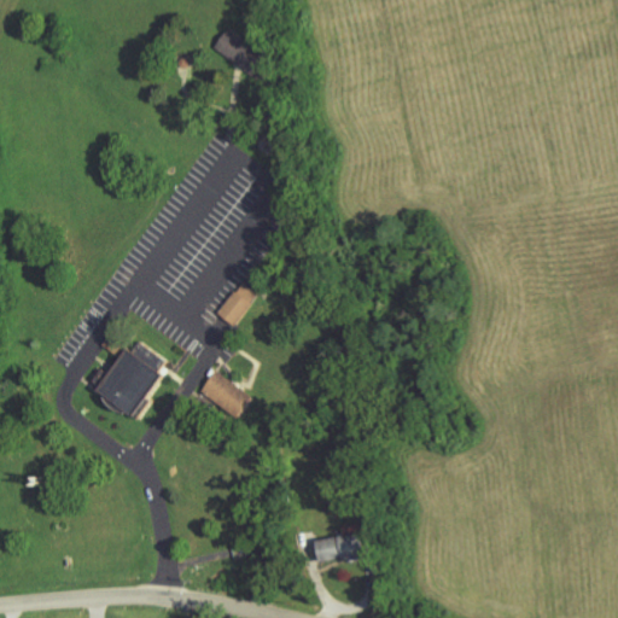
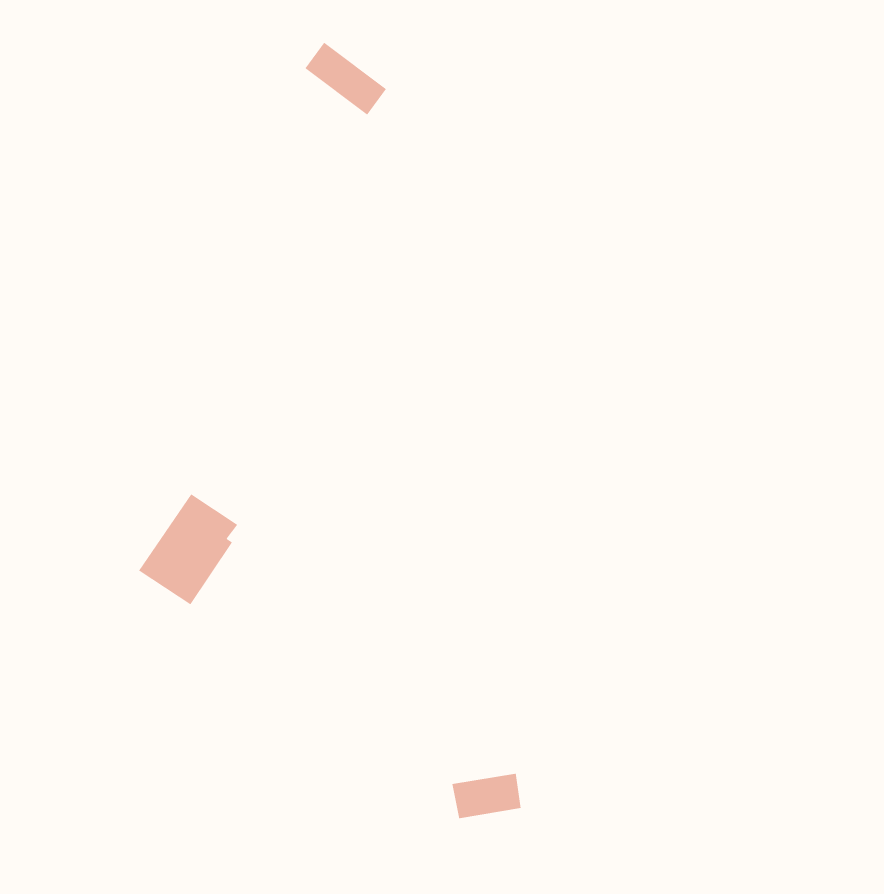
building: [214,282,255,327] -> none
building: [198,372,250,418] -> none

